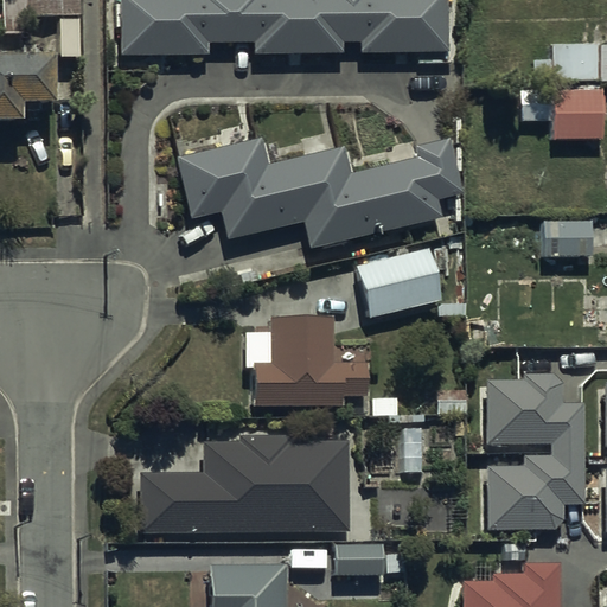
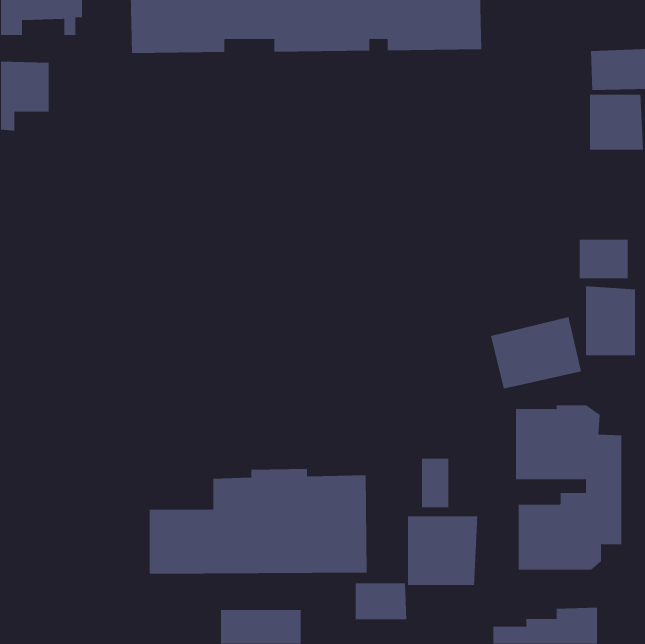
building: [181,130,468,242] -> none
building: [356,247,441,314] -> [490,317,582,389]
building: none -> [586,285,635,356]
building: [245,321,366,410] -> none
building: none -> [408,516,478,586]

